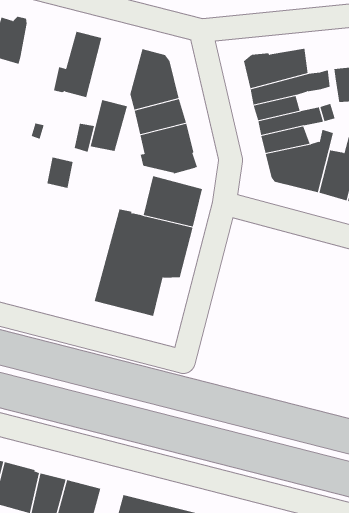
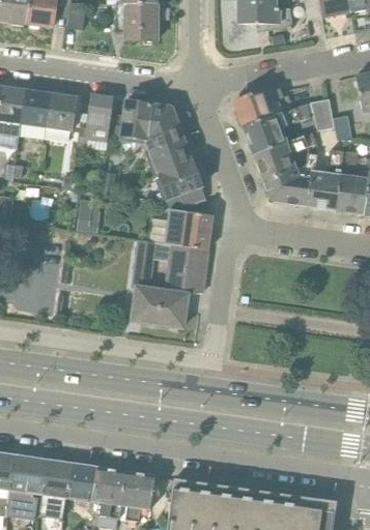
building: none -> [47,90,77,131]
building: [90,99,128,152] -> [120,100,148,143]

